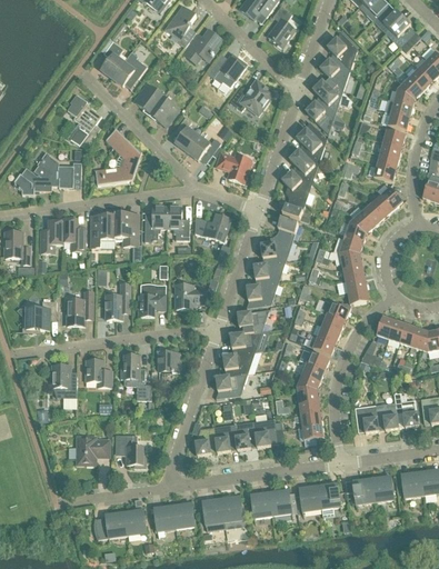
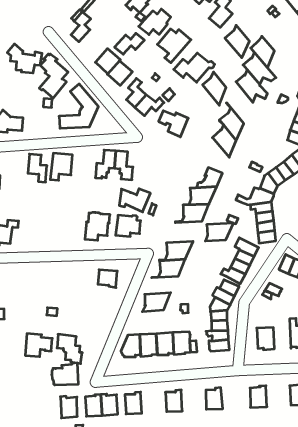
building: [327,30,357,69] -> [225,25,249,58]
building: [111,58,147,84] -> [115,33,144,54]
building: [297,120,326,160] -> [203,72,226,105]
building: [39,153,81,187] -> [7,44,42,73]
building: [281,184,310,221] -> none
building: [114,212,138,246] -> none
building: [193,213,230,241] -> [119,189,150,212]
building: [40,220,62,252] -> none
building: [104,282,130,318] -> none
building: [246,282,278,307] -> [205,223,233,241]
building: [66,290,92,325] -> none
building: [216,351,255,377] -> none
building: [120,355,151,399] -> none
building: [86,359,111,386] -> none
building: [52,365,77,397] -> none
building: [375,401,398,430] -> none
building: [371,475,393,501] -> none
building: [317,481,340,508] -> none
building: [269,488,291,515] -> none
building: [220,495,243,521] -> none
building: [93,509,127,538] -> [52,363,78,385]

